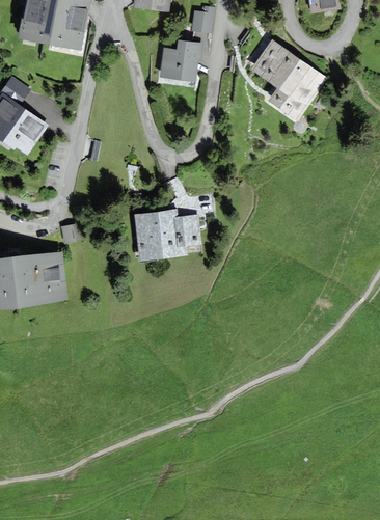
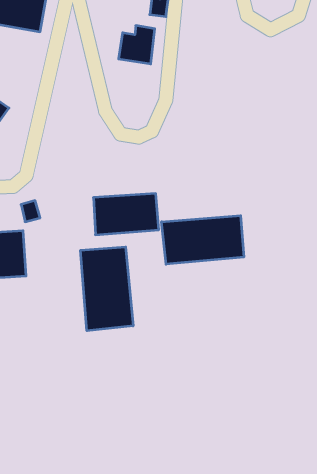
building: [253,40,325,118] -> none
building: none -> [162,216,244,264]
building: none -> [81,247,133,331]

